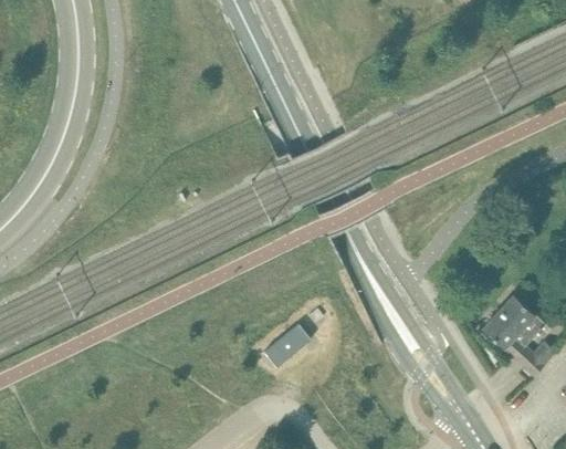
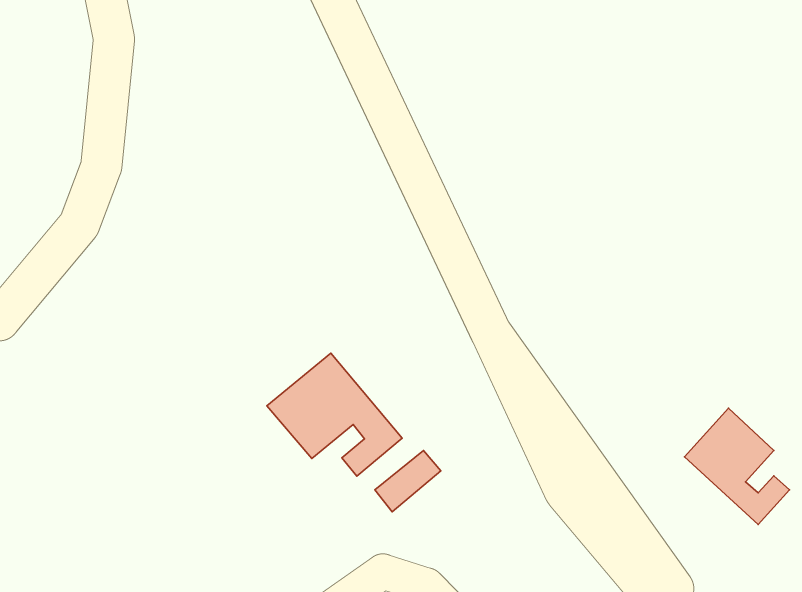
building: none -> [267,353,402,476]

